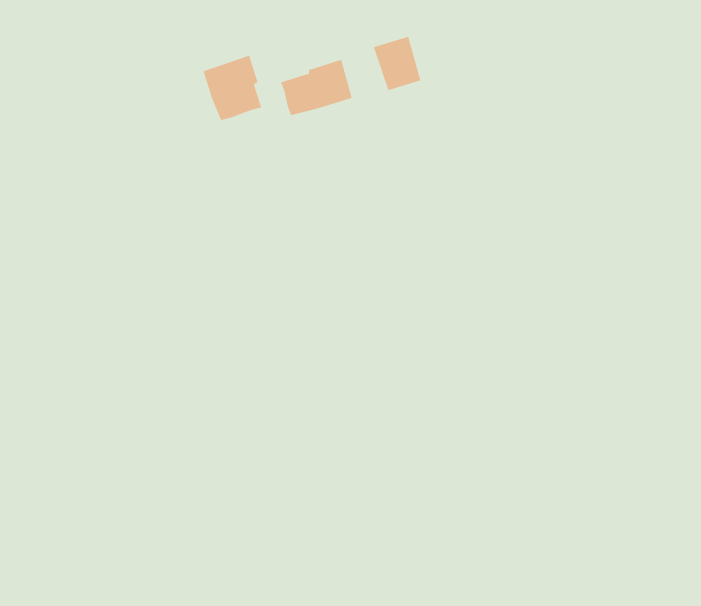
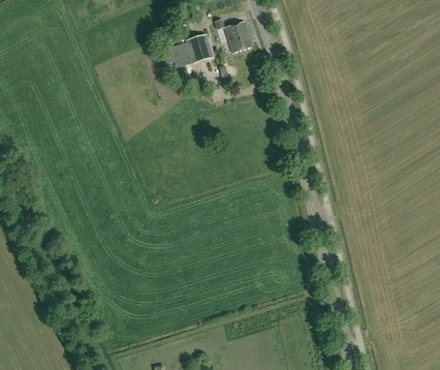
building: [203,55,262,121] -> none

